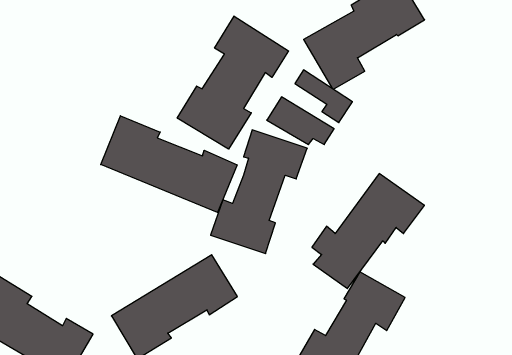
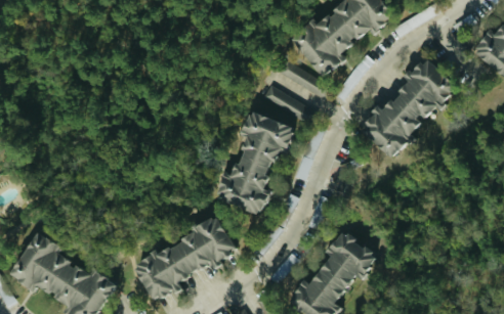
building: [177,16,289,149] -> none
building: [101,116,237,212] -> none
building: [312,174,424,289] -> [364,59,458,155]

